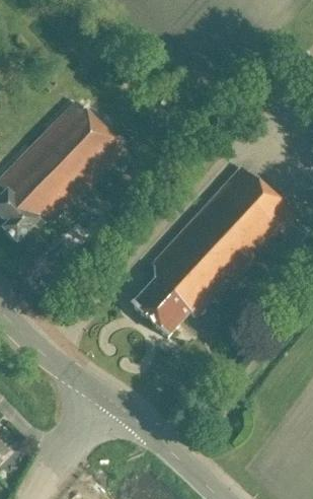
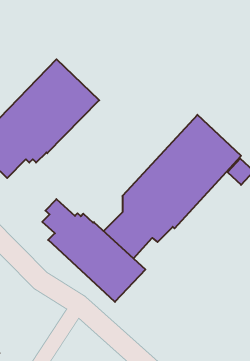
building: none -> [42,199,145,302]

